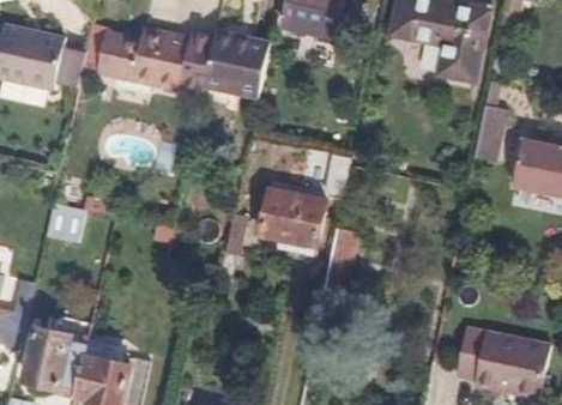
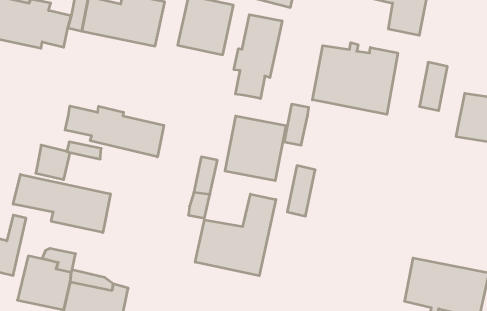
building: none -> [234,15,282,99]
building: none -> [312,43,398,114]
building: none -> [65,106,164,157]
building: none -> [13,174,110,233]
building: none -> [195,194,276,276]

